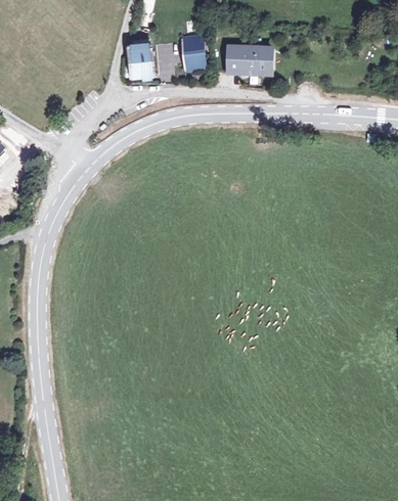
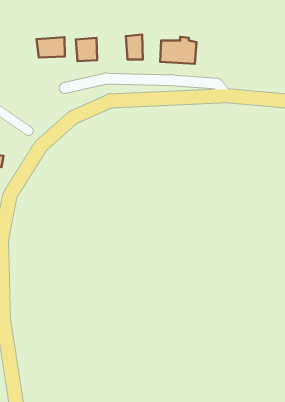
building: none -> [37,37,65,57]

